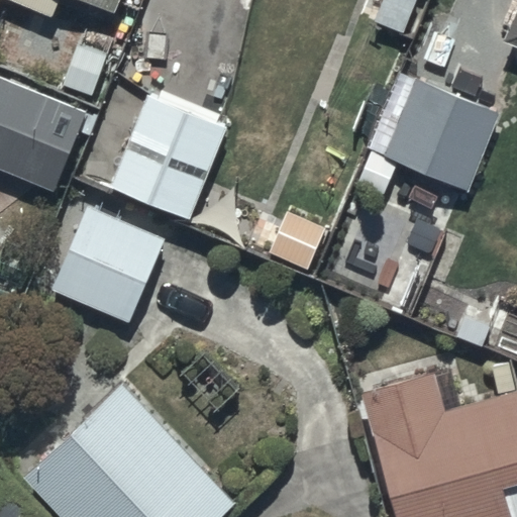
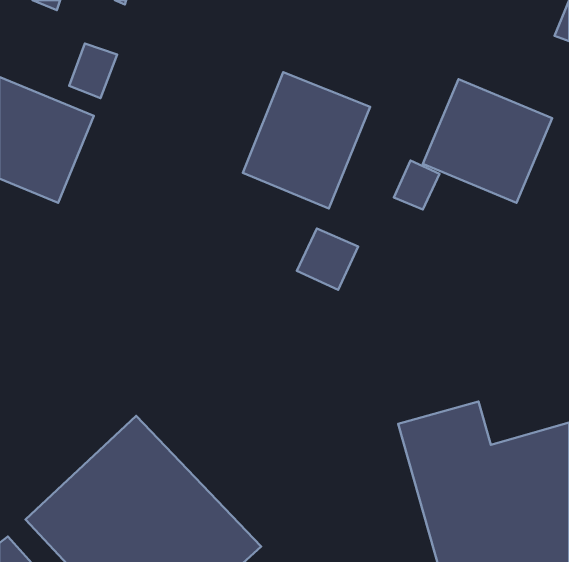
building: [111,95,226,218] -> [243,72,370,208]
building: [53,207,165,323] -> none

